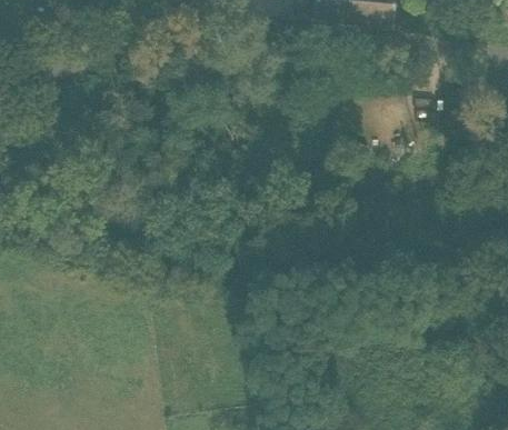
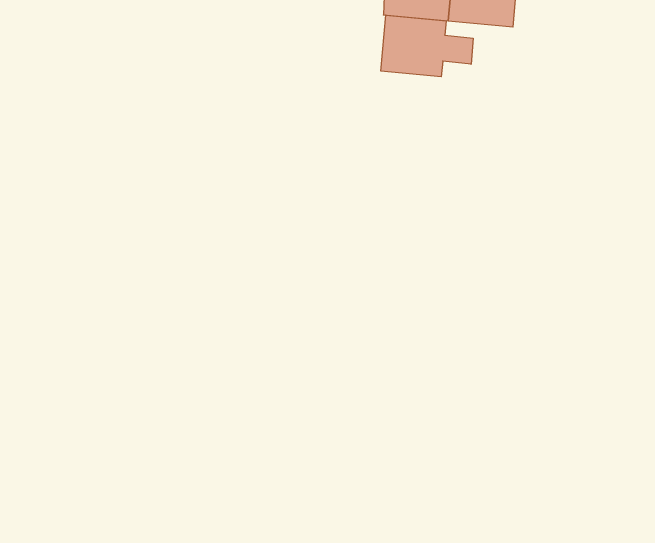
building: none -> [381,15,473,77]

